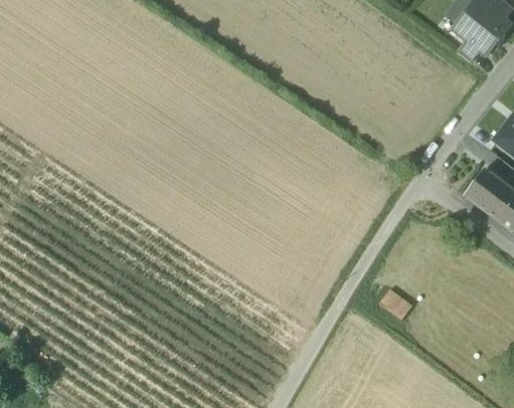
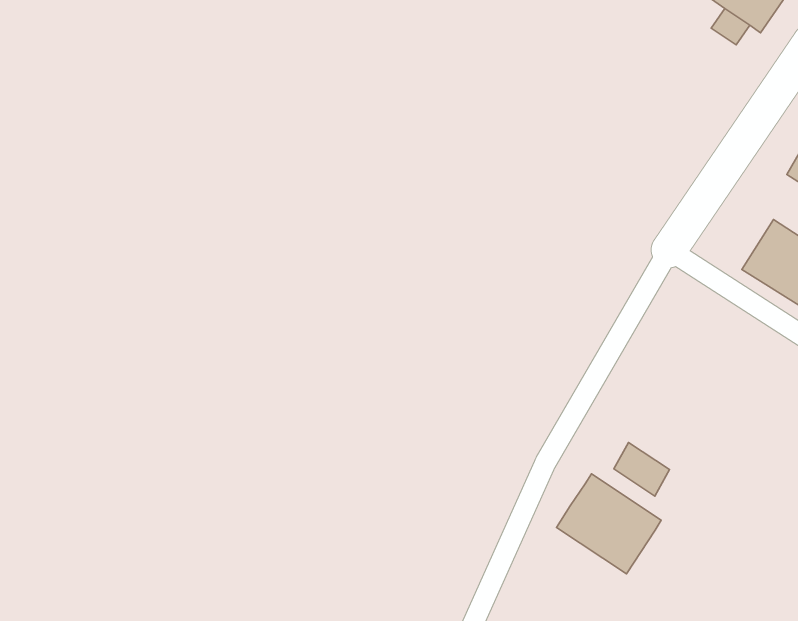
building: none -> [557,474,661,574]

